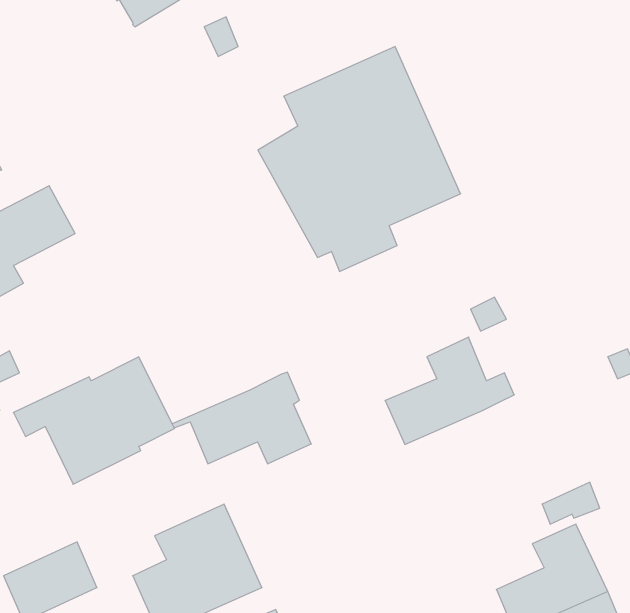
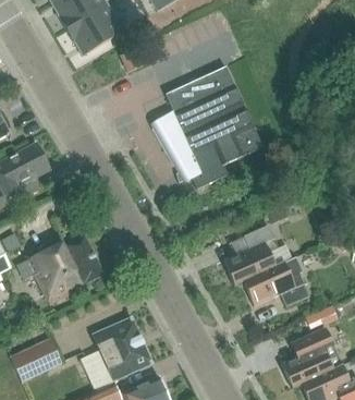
building: [172,372,311,464] -> [231,255,307,305]

